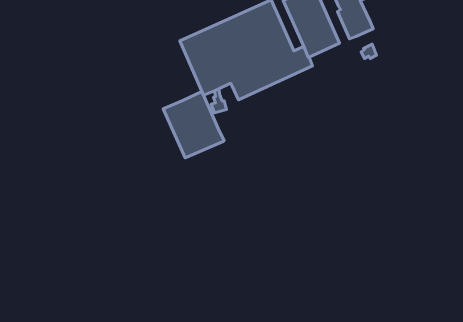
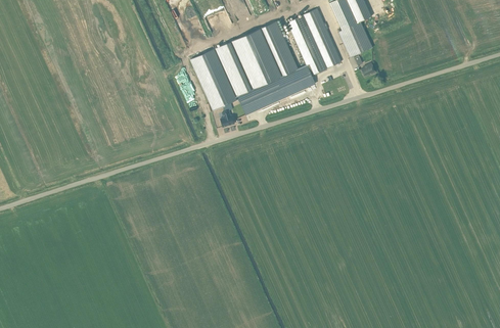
building: [163,91,224,158] -> none

